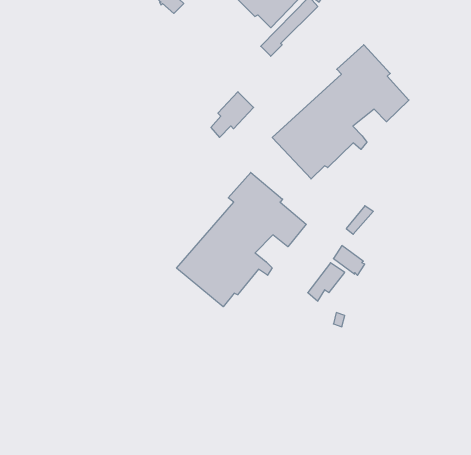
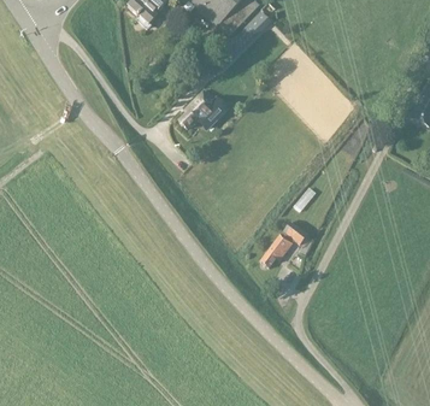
building: [272,45,409,179] -> none
building: [177,172,306,307] -> none

